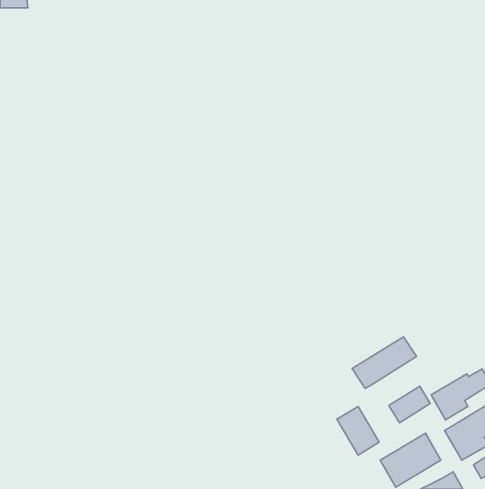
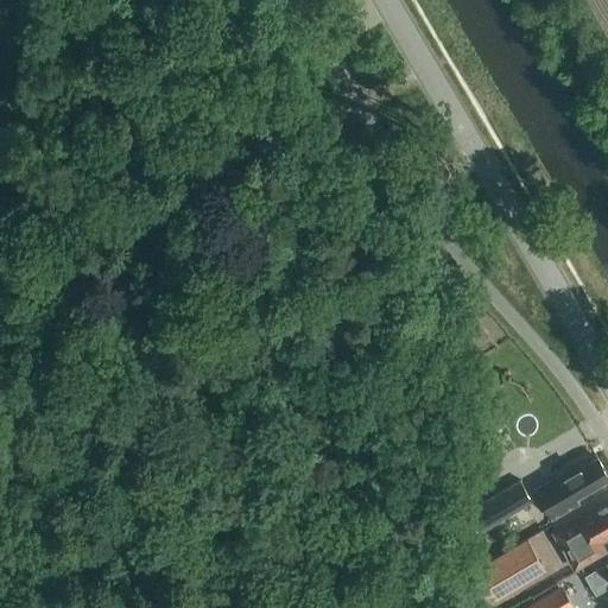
building: [352,337,417,389] -> none
building: [337,406,379,455] -> none

